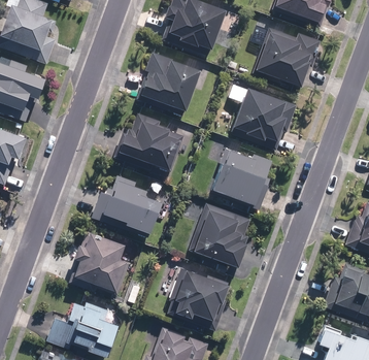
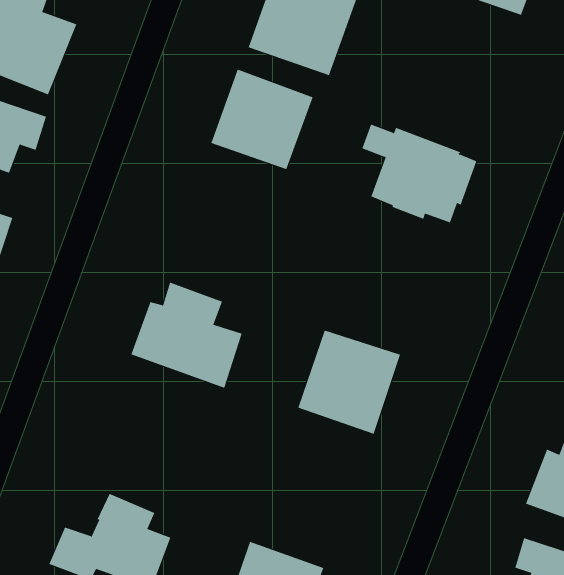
building: [253,27,317,86] -> none
building: [119,113,182,175] -> none
building: [213,148,273,204] -> none
building: [69,229,128,295] -> none
building: [167,266,227,327] -> none

